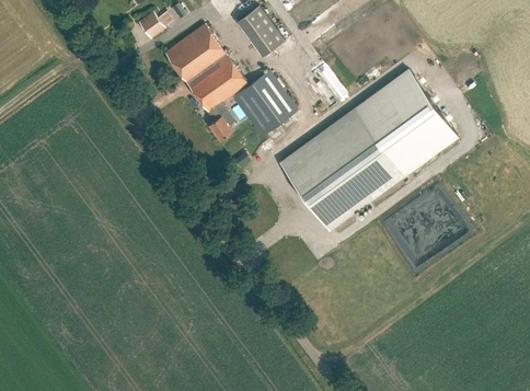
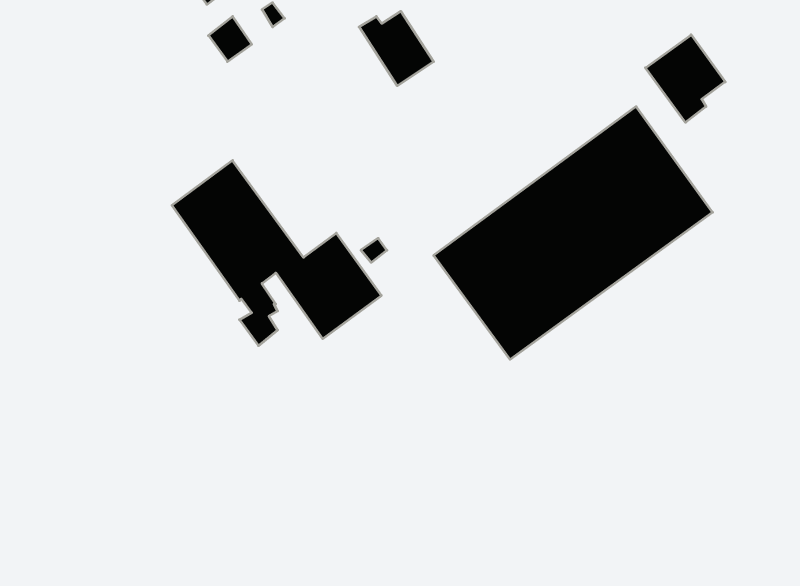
building: none -> [645,35,725,122]
building: [165,24,298,141] -> [172,160,381,346]

